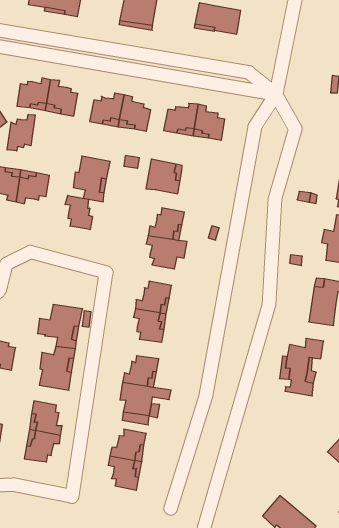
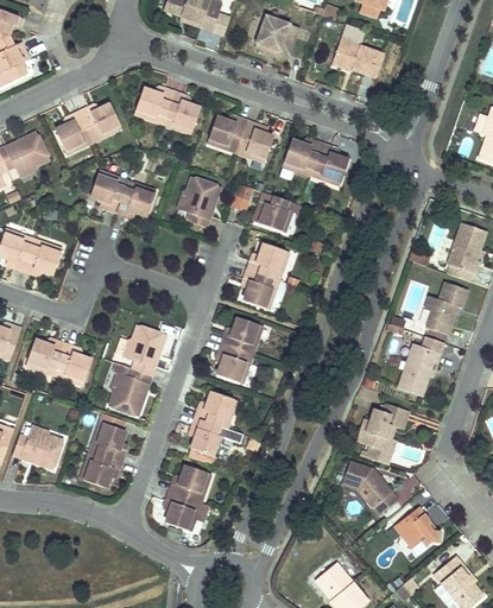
building: [7,114,35,151] -> none
building: [65,195,92,230] -> none
building: none -> [342,460,399,514]

